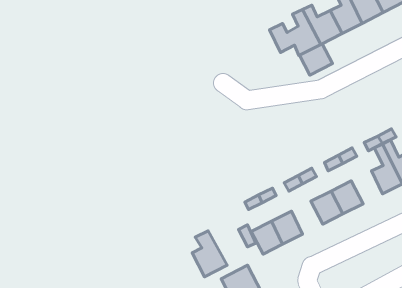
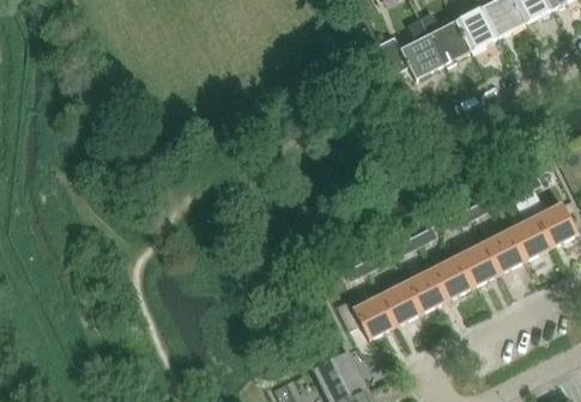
building: [300,44,333,75] -> none
building: none -> [484,230,525,273]
building: none -> [406,269,447,312]
building: [192,231,227,277] -> none

